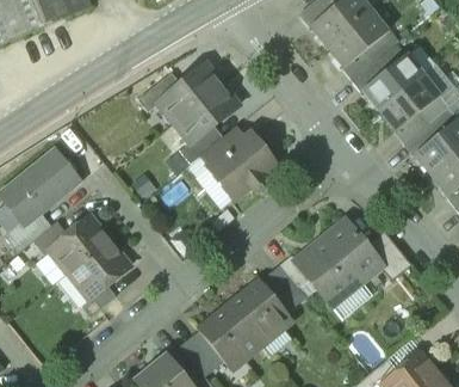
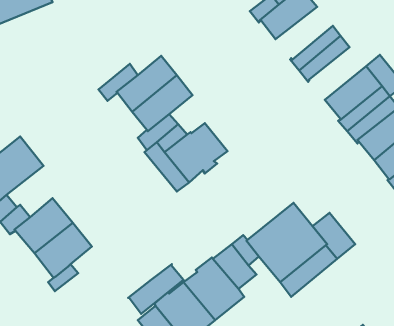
building: [327,10,387,66] -> none
building: [362,53,423,109] -> none
building: none -> [128,264,184,314]

